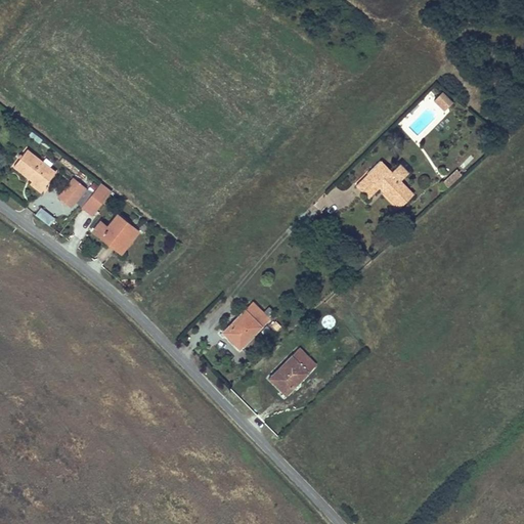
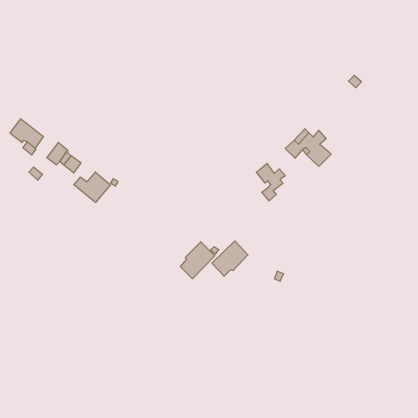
building: none -> [256,163,285,201]
building: [269,349,314,393] -> [212,241,248,276]

